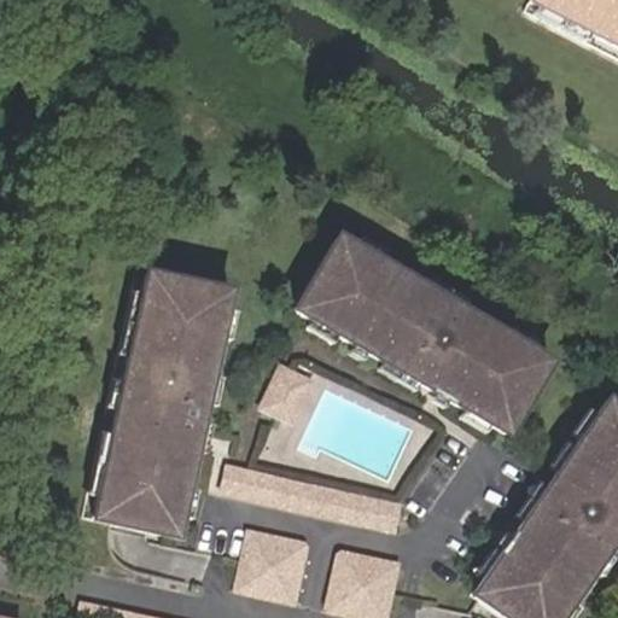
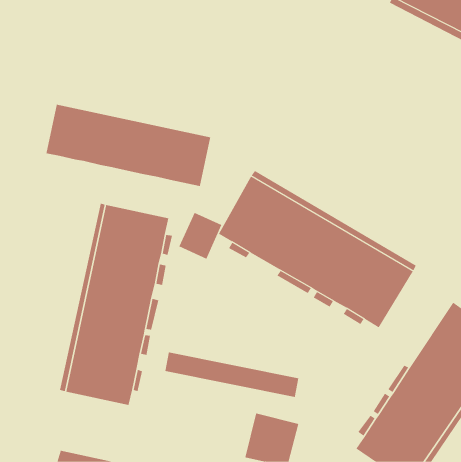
building: none -> [46,104,211,187]
building: [262,362,320,425] -> [179,212,222,259]
building: [237,526,310,599] -> none

